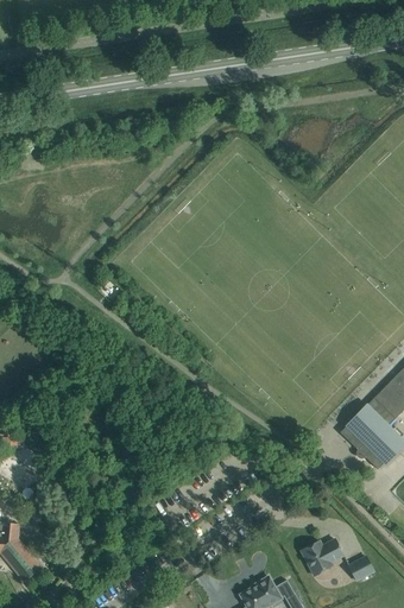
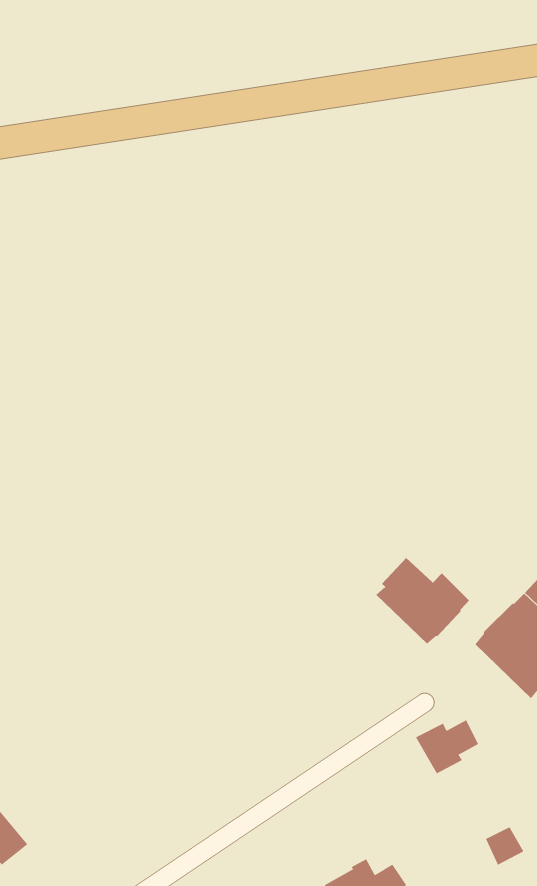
building: none -> [376,557,470,645]
building: [301,538,343,575] -> [415,719,479,774]

